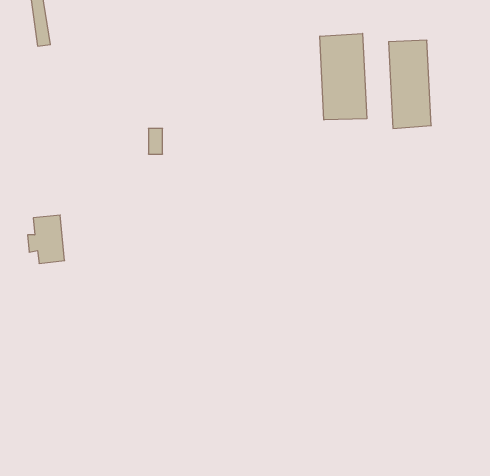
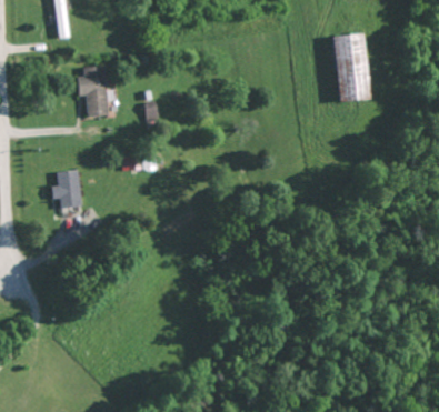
building: [320,33,367,120] -> none
building: none -> [77,66,107,117]

